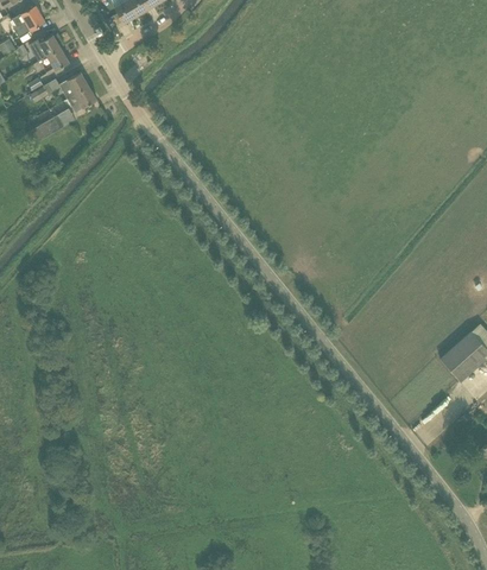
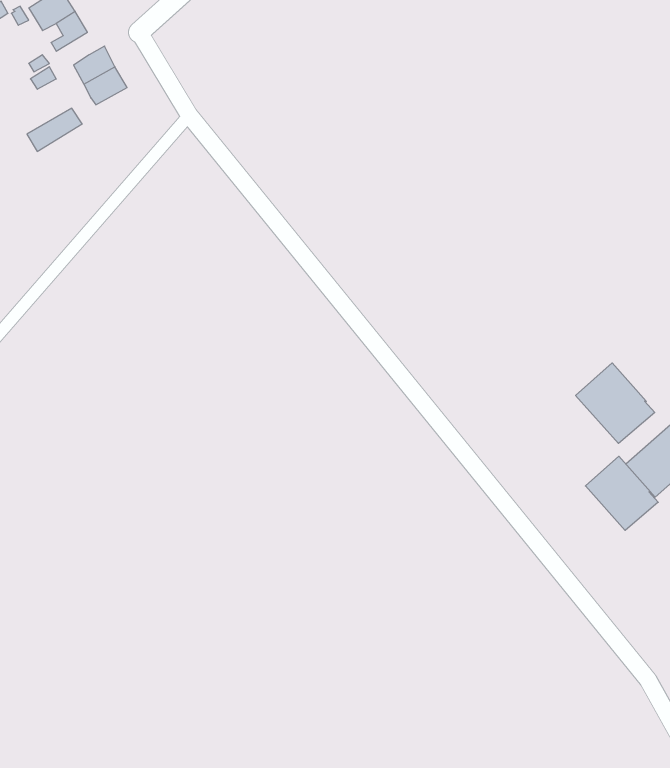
building: none -> [576,363,655,443]
building: none -> [585,456,658,530]

